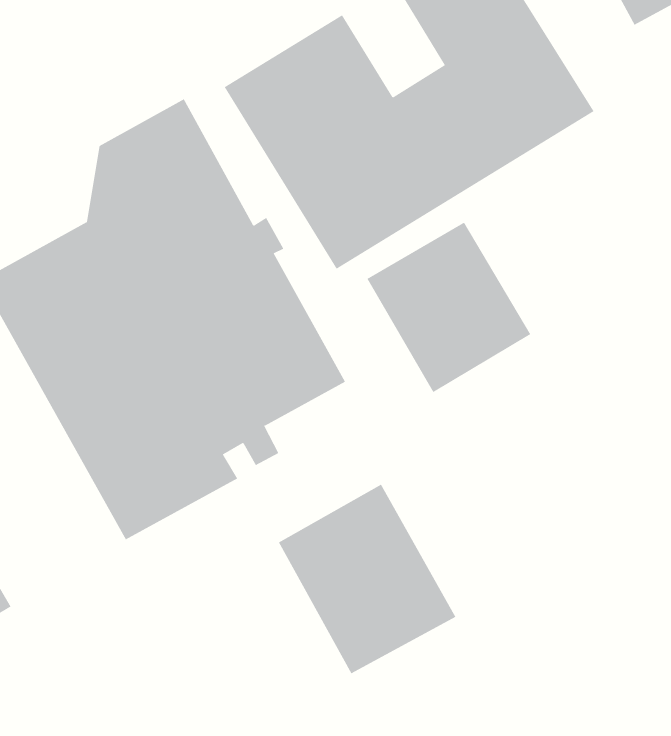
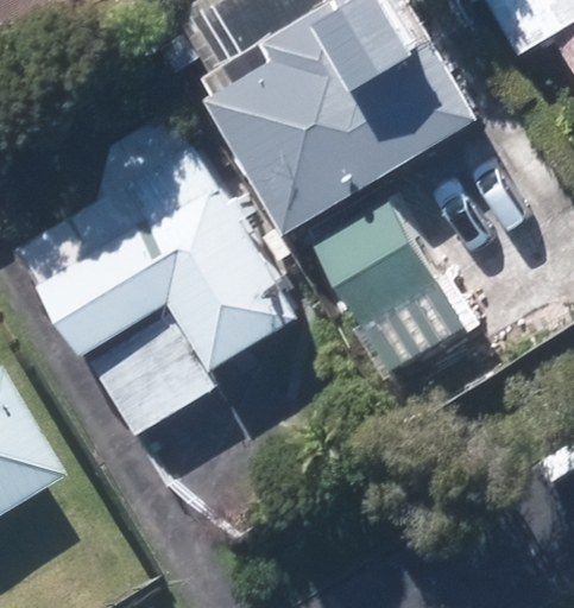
building: [278,484,456,674] -> none

